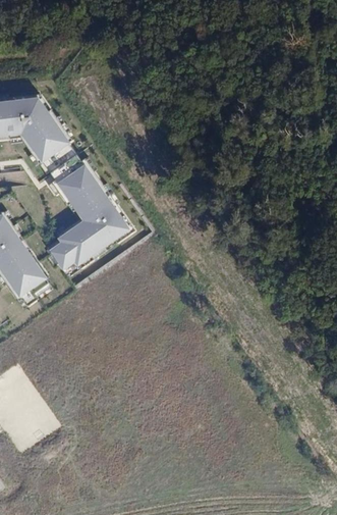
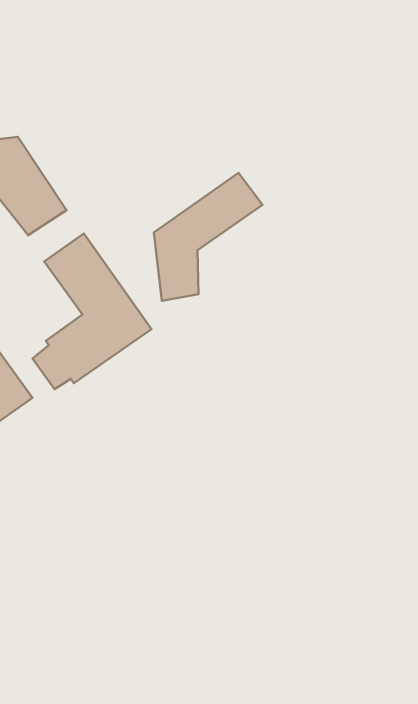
building: none -> [154,173,262,301]

